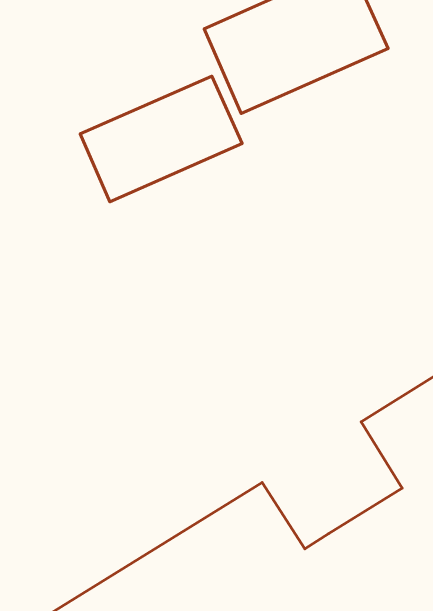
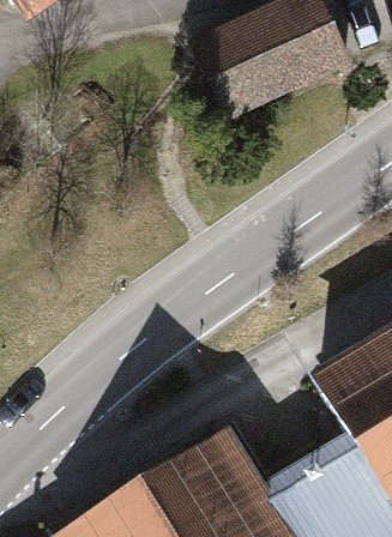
building: [80,76,242,202] -> none

